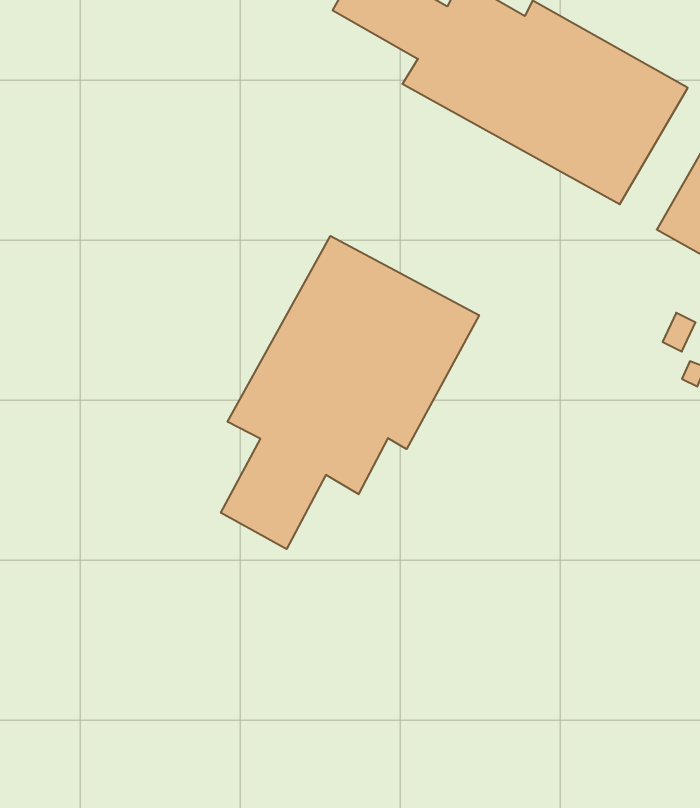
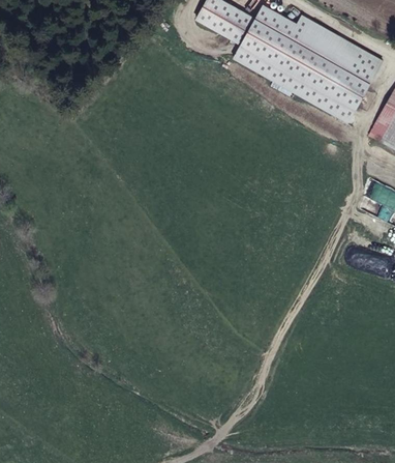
building: [221,236,479,549] -> none

